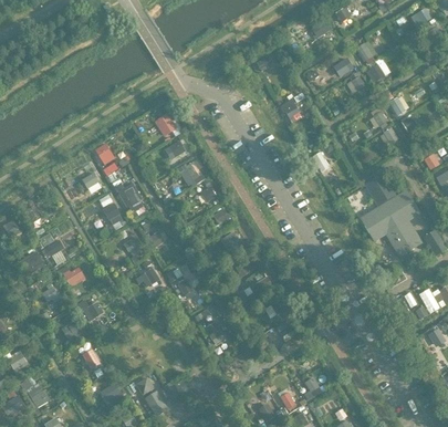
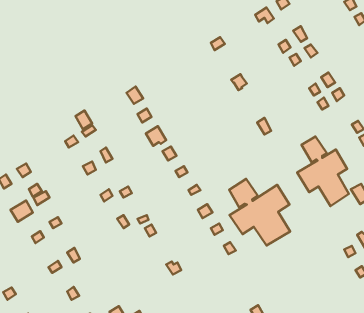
building: none -> [229,179,290,246]

